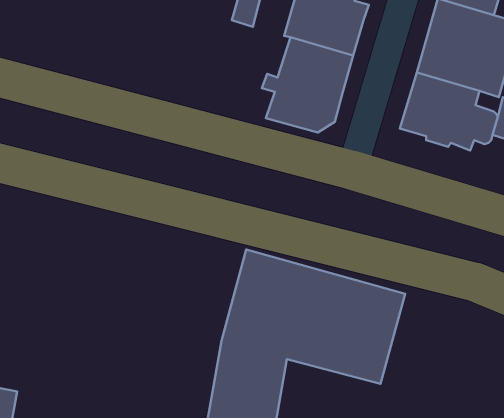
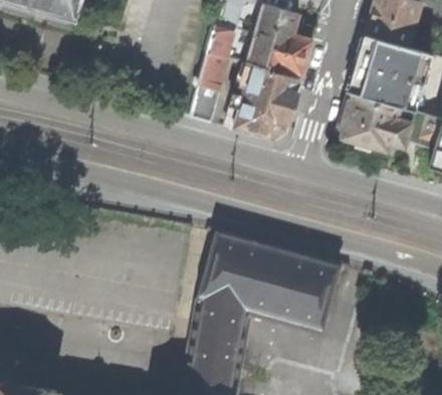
building: none -> [190,52,230,122]

